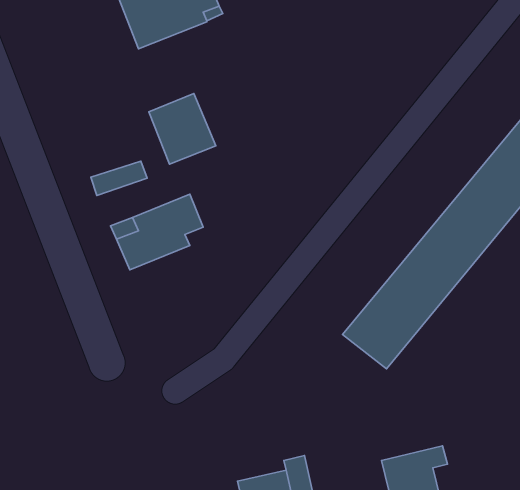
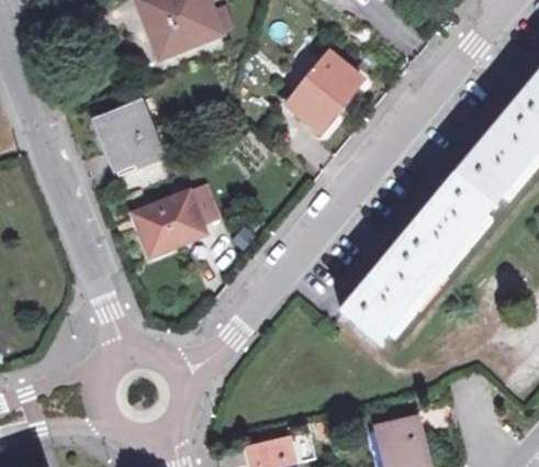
building: none -> [289,53,362,130]
building: [149,93,216,164] -> [99,103,159,167]

